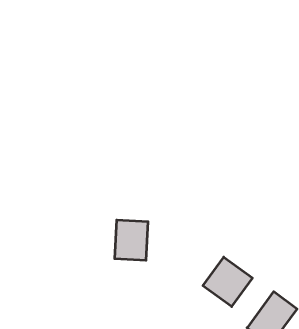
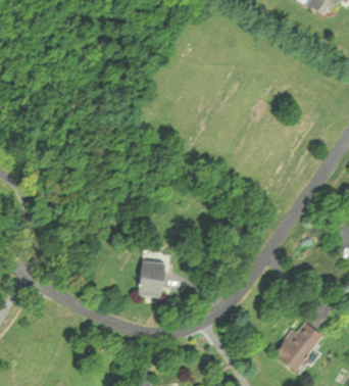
building: [203,257,252,307] -> none

